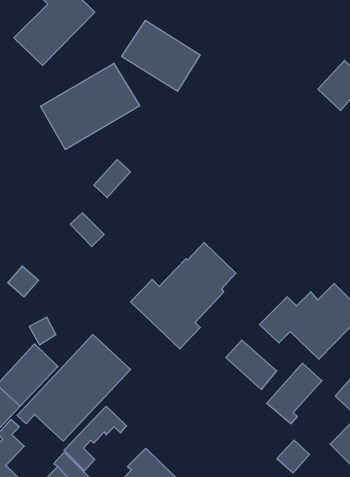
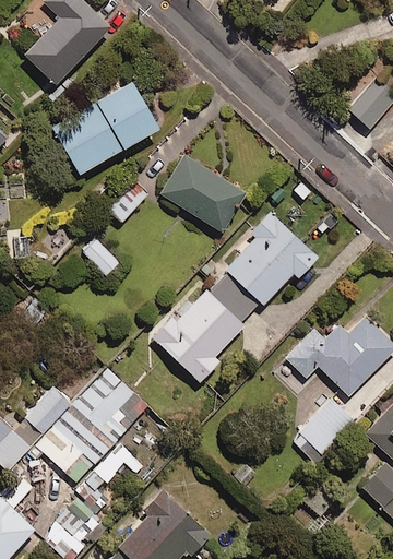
building: [122,20,200,91] -> [160,155,245,230]
building: none -> [224,207,320,307]
building: [226,340,277,389] -> none

